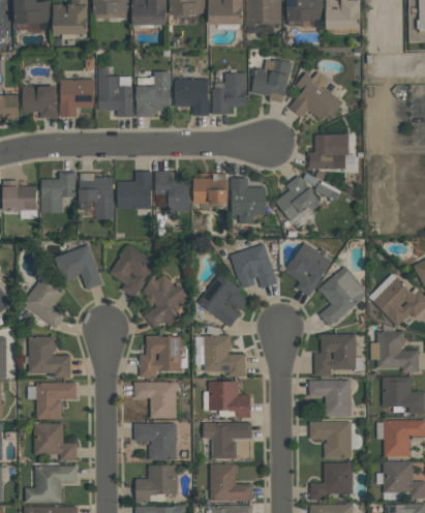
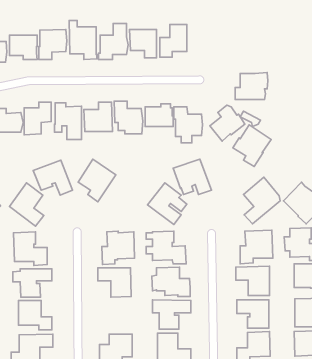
building: [251,60,292,103] -> none
building: [290,72,343,121] -> none
building: [283,243,332,296] -> [233,125,271,167]
building: [143,274,191,329] -> none
building: [134,423,176,460] -> none

